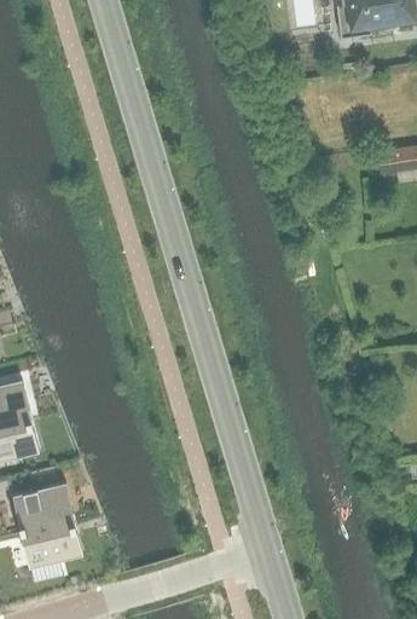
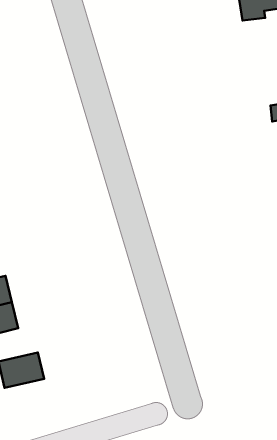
building: [21,517,81,565] -> none

